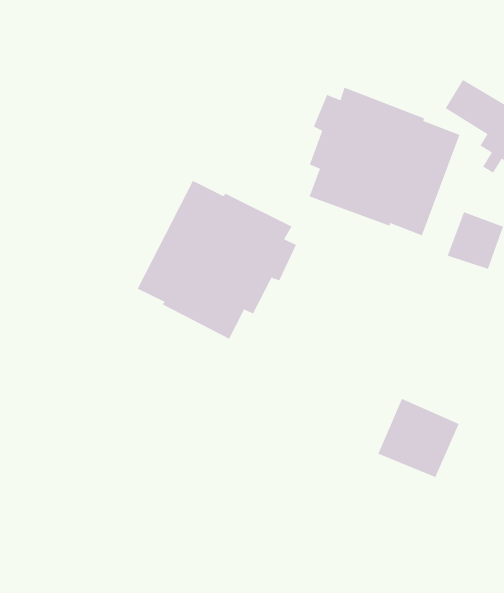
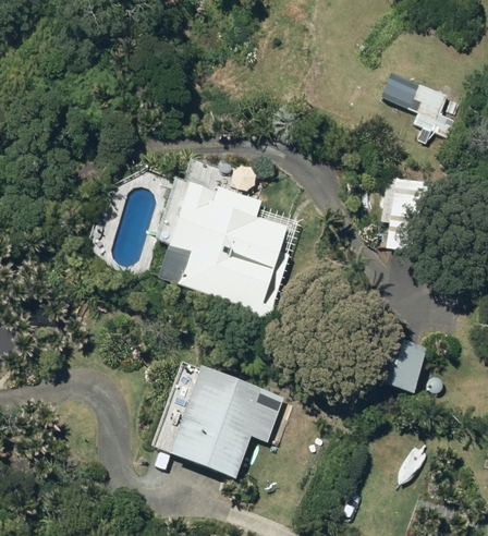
building: [309,87,460,236] -> none
building: none -> [167,363,281,478]

